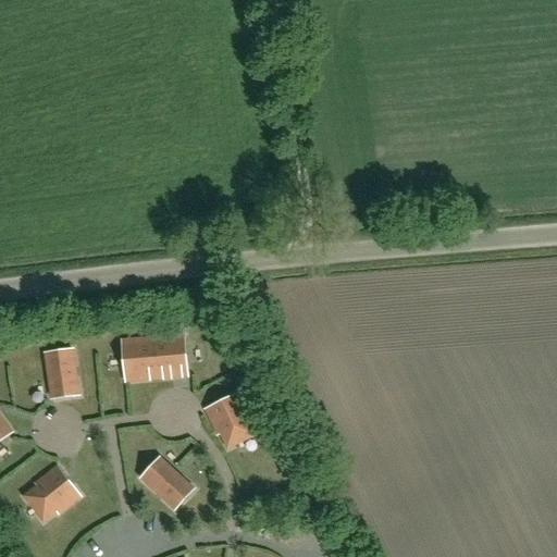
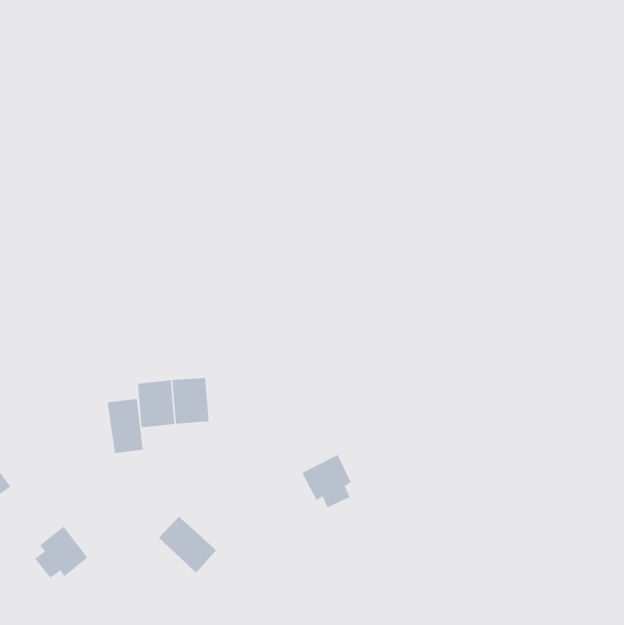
building: [45,349,77,398] -> [107,398,144,454]
building: [205,393,249,441] -> [301,454,352,508]

